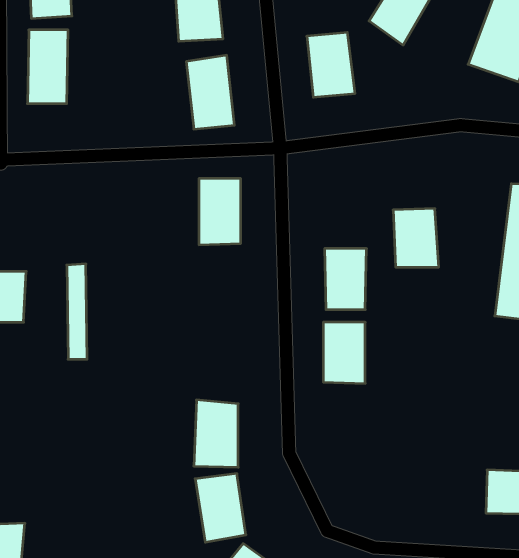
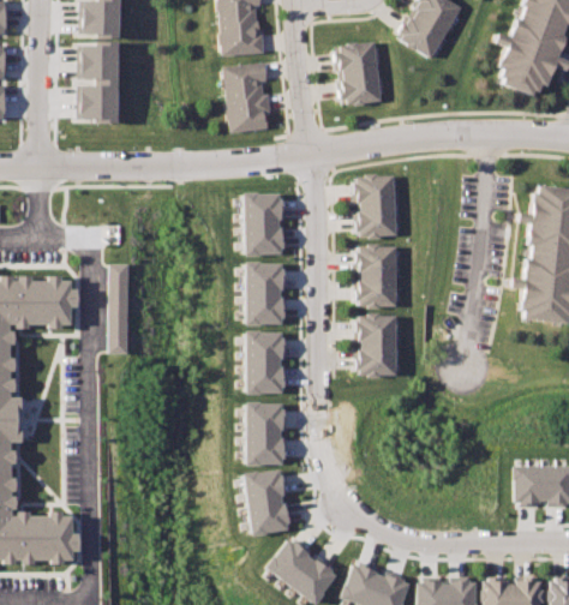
building: [393,209,439,267] -> [357,182,400,238]
building: none -> [239,257,280,319]
building: none -> [236,328,277,388]

